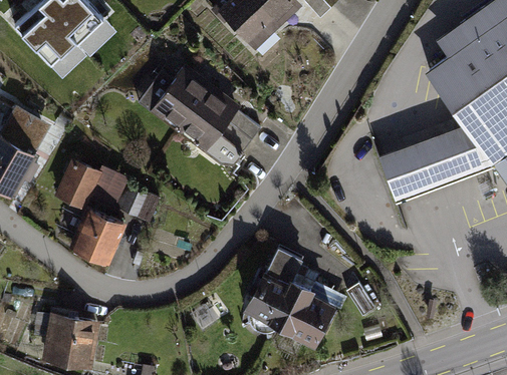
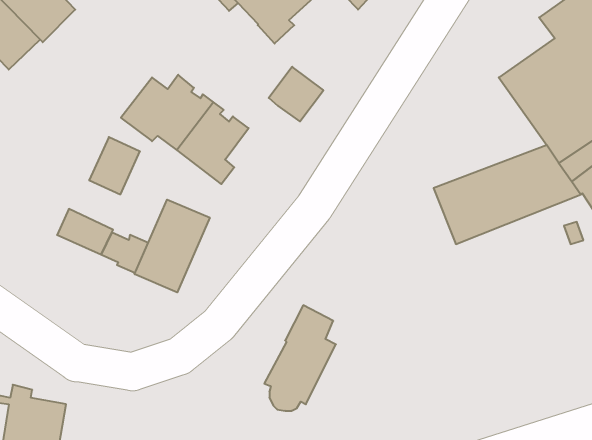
building: [219,111,261,153] -> [269,67,323,121]
building: [59,162,98,207] -> [89,137,140,194]
building: none -> [135,200,210,292]
building: [73,211,124,263] -> none
building: [281,278,330,340] -> none

